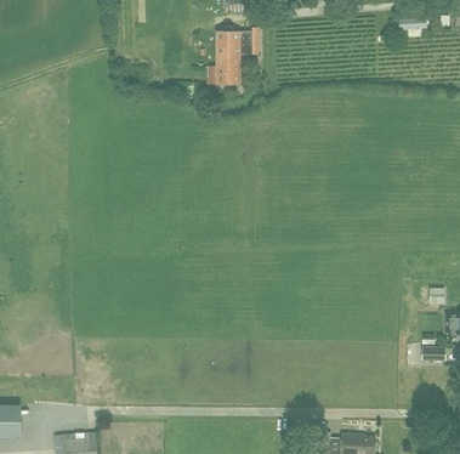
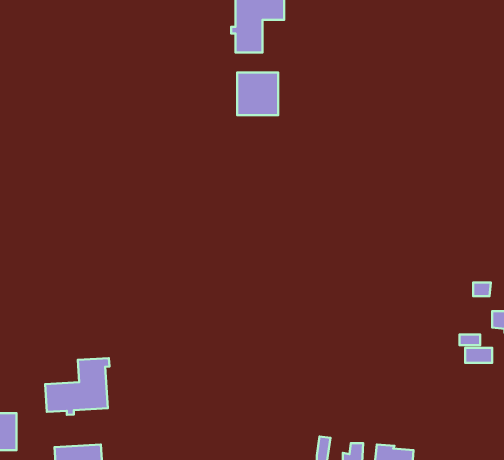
building: none -> [237,73,278,115]
building: none -> [45,358,109,415]

